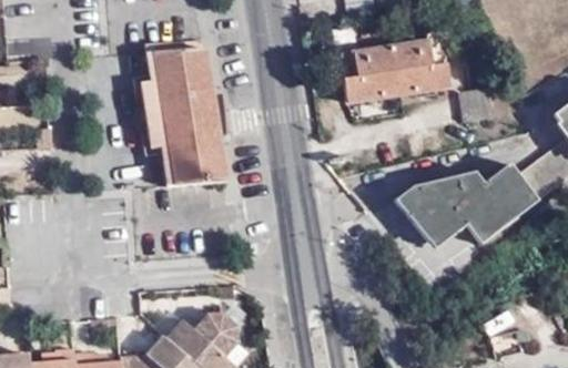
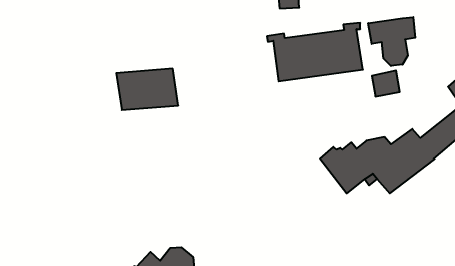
building: none -> [368,17,415,66]
building: [143,45,214,95] -> none
building: [151,135,227,184] -> none

